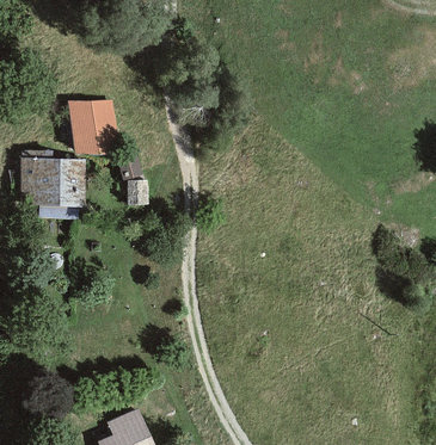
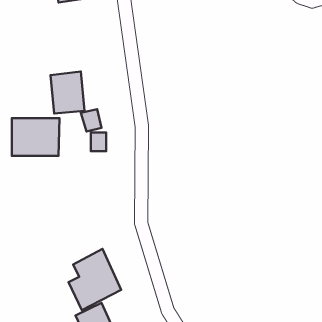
building: none -> [68,249,121,310]

